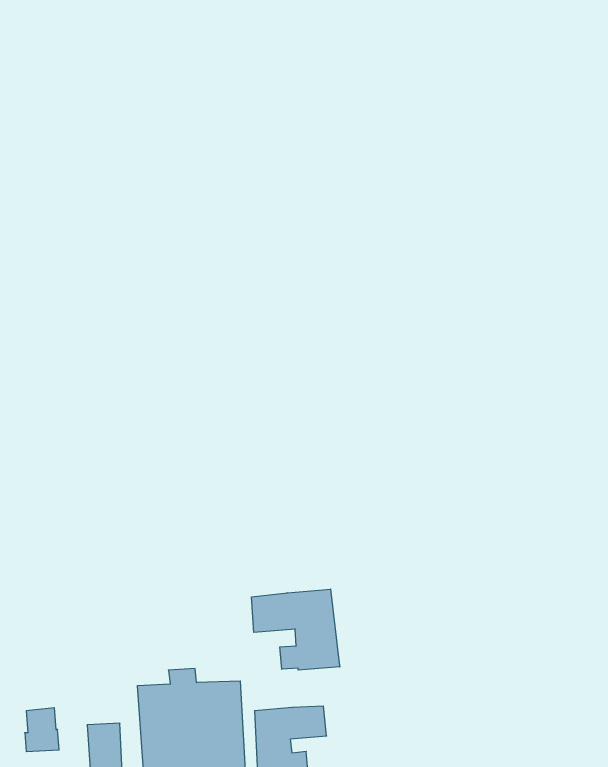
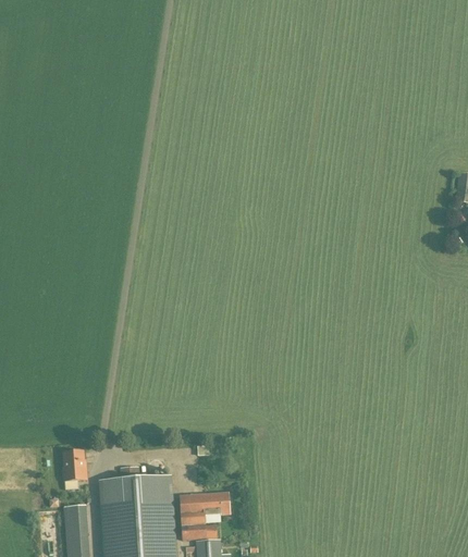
building: [252,589,340,670] -> none
building: [25,708,59,752] -> [64,450,88,481]

